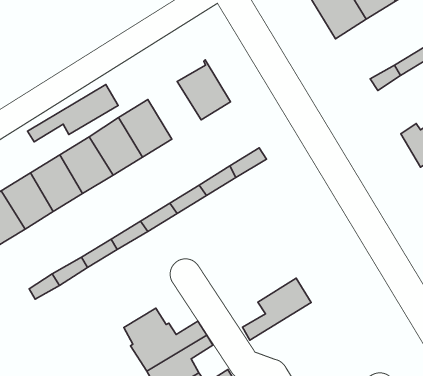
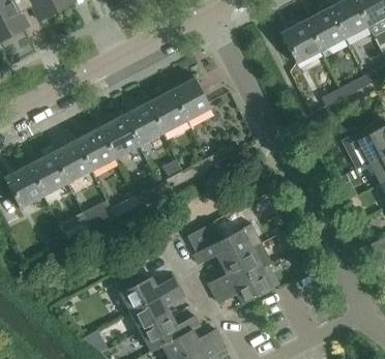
building: none -> [148,89,188,133]
building: [27,85,118,142] -> none
building: none -> [188,221,254,265]
building: none -> [214,260,290,303]

